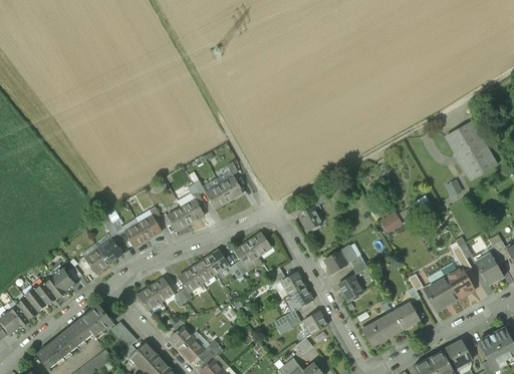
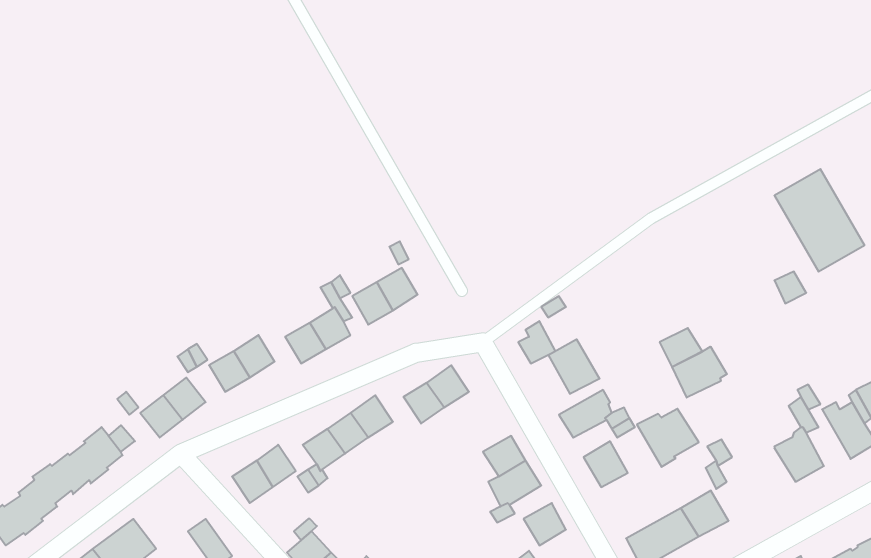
building: none -> [549,339,600,394]
building: none -> [672,347,727,398]
building: [423,279,458,312] -> [637,409,699,467]
building: [81,304,113,336] -> none

